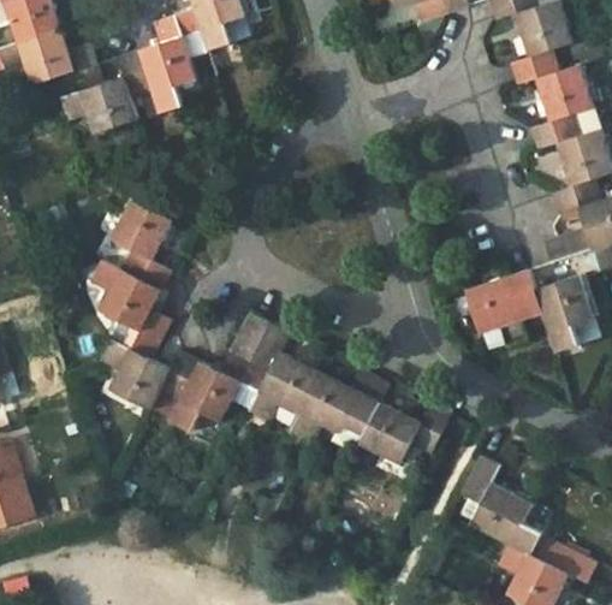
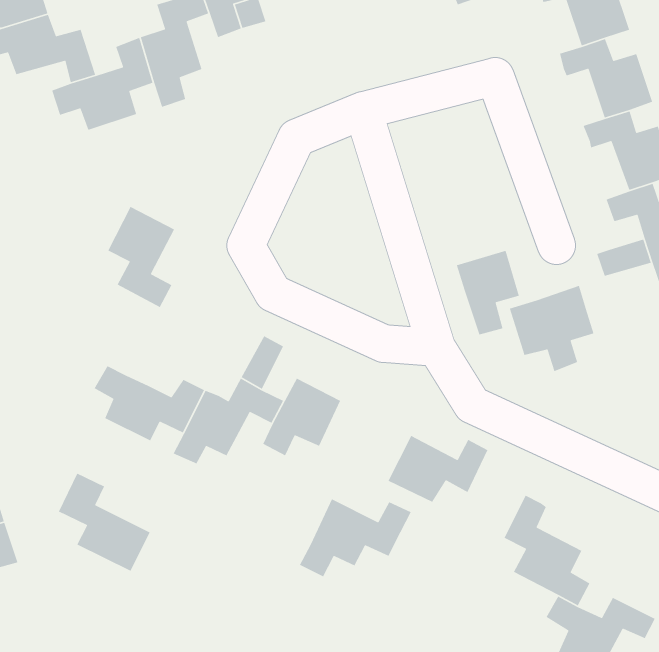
building: [89,259,168,357] -> none
building: [534,275,590,351] -> [456,250,520,336]
building: [289,370,388,440] -> [299,498,412,577]
building: none -> [58,472,151,572]

